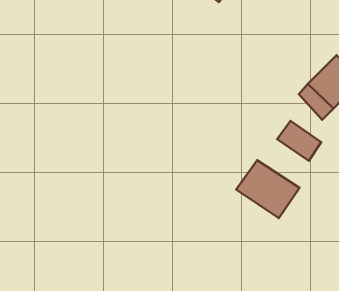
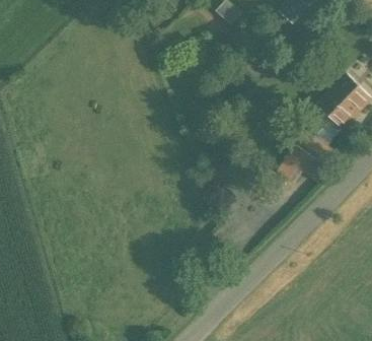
building: [236,160,299,218] -> none

